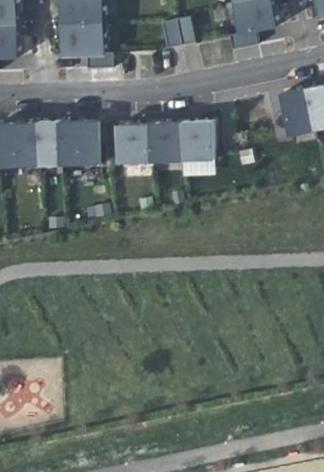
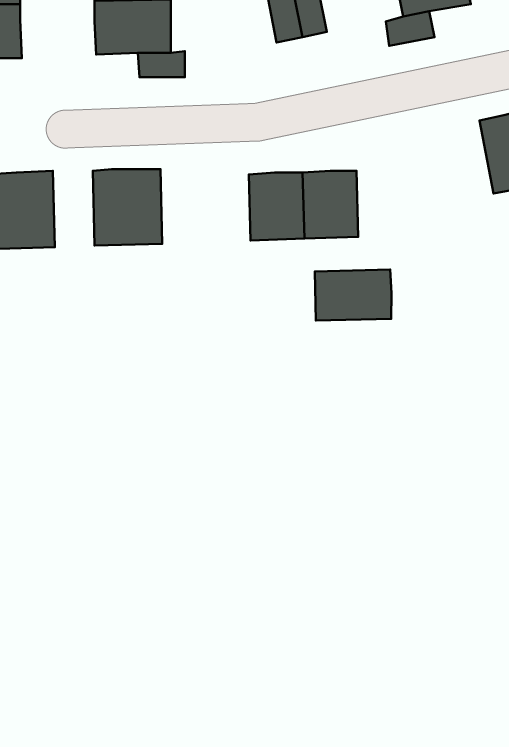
building: [36,122,60,166] -> none
building: [118,124,150,163] -> none
building: none -> [315,270,392,321]

